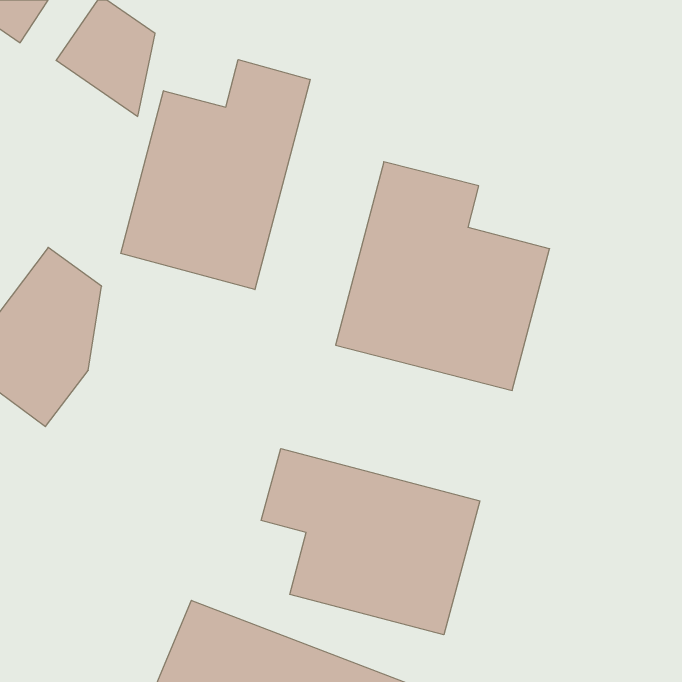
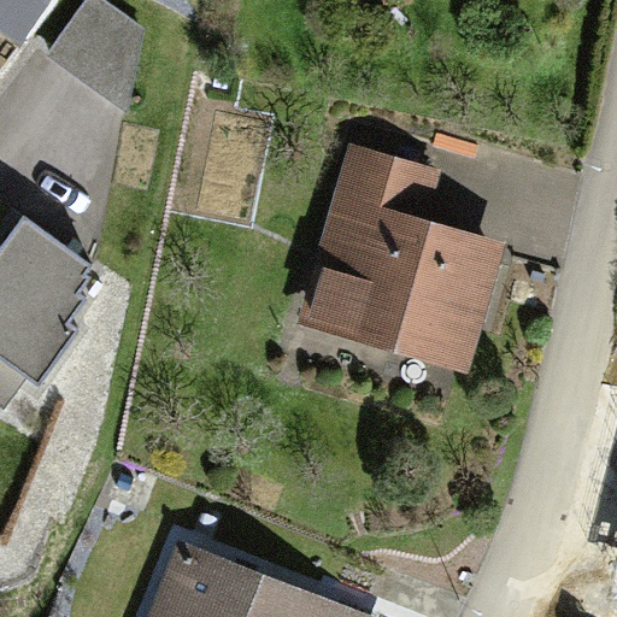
building: [121,60,310,290] -> none
building: [261,449,480,635] -> none

